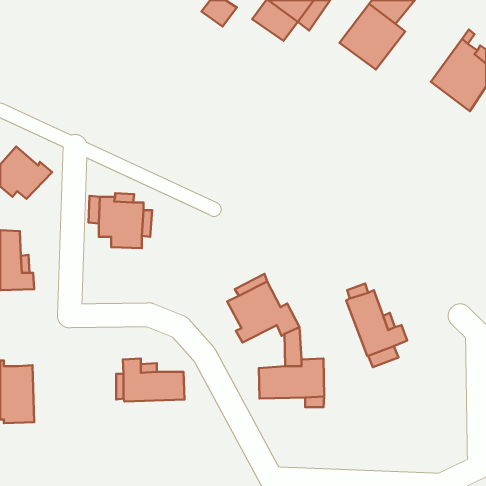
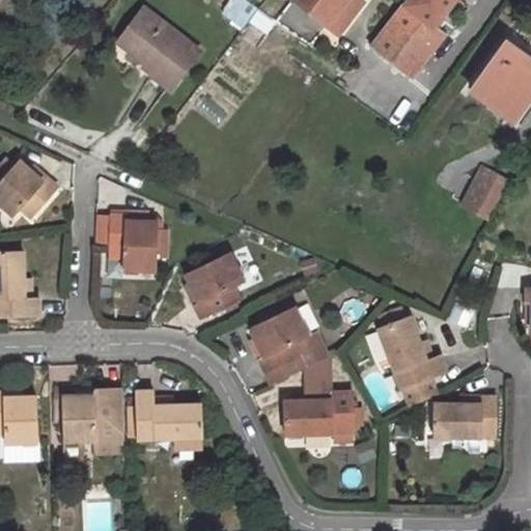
building: none -> [118,8,198,88]
building: none -> [462,168,507,219]
building: none -> [185,253,242,319]
building: none -> [62,389,125,453]
building: none -> [431,396,495,436]

